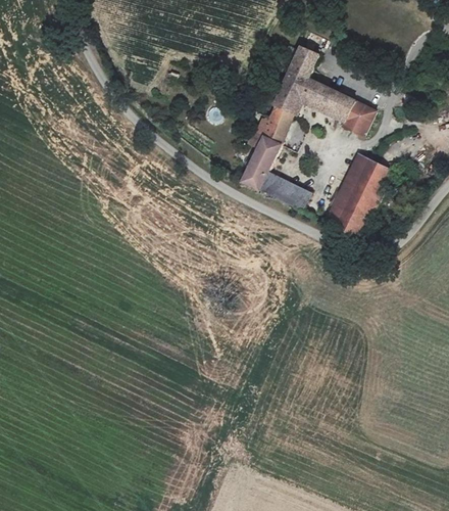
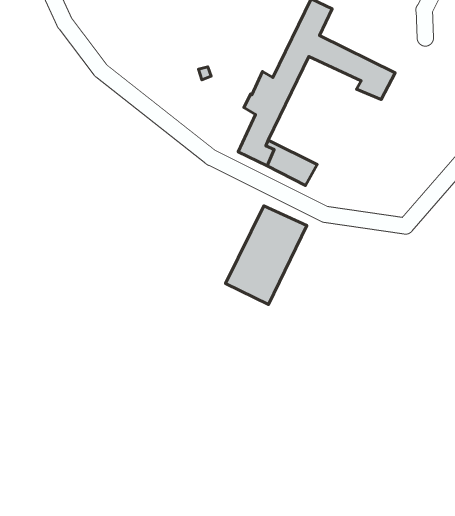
building: [319,152,391,239] -> [225,206,307,304]

